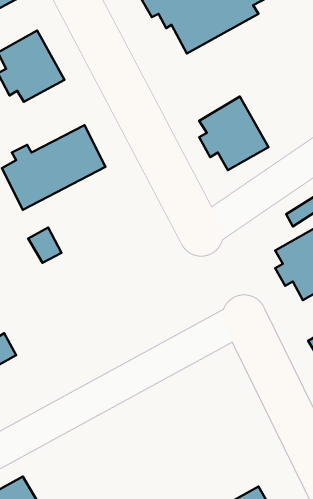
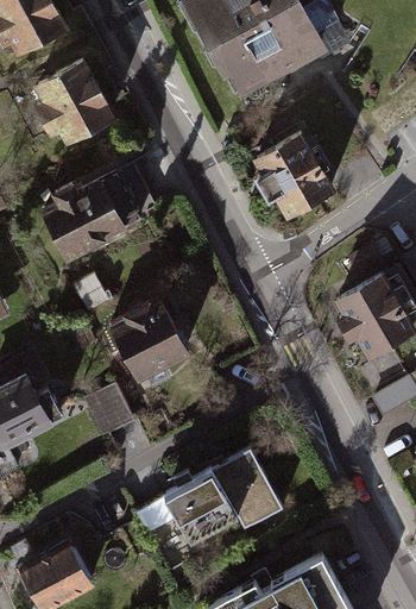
building: none -> [109,306,184,377]
building: none -> [86,388,132,434]
building: none -> [163,448,282,544]

